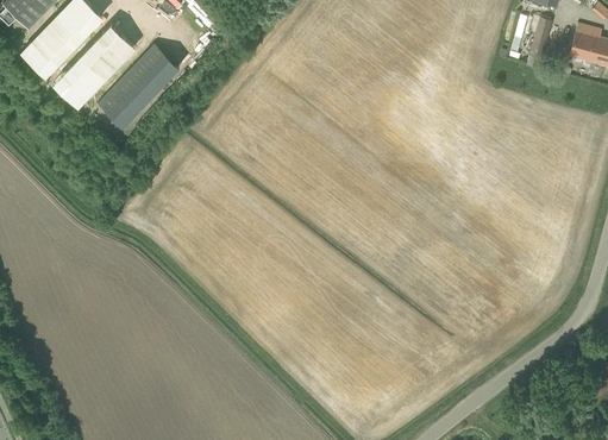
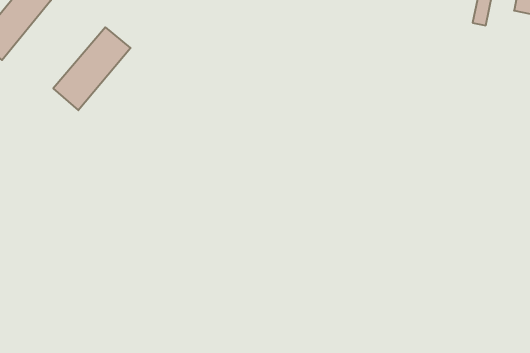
building: [54,24,133,105] -> none

